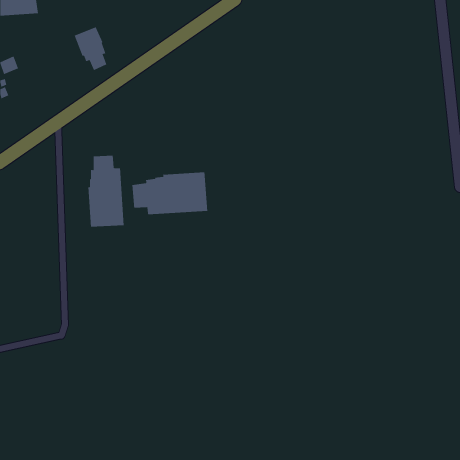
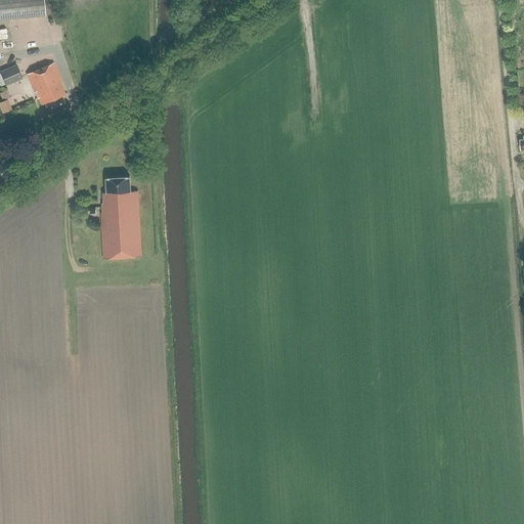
building: [74,26,107,71] -> [27,63,64,114]
building: [132,172,208,215] -> none

